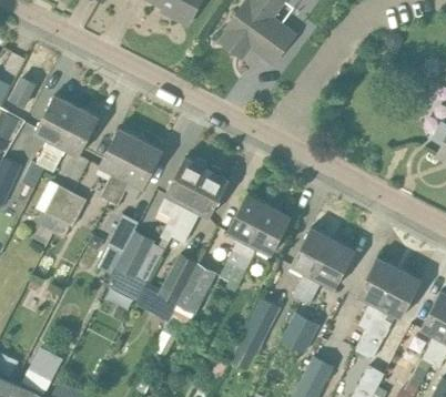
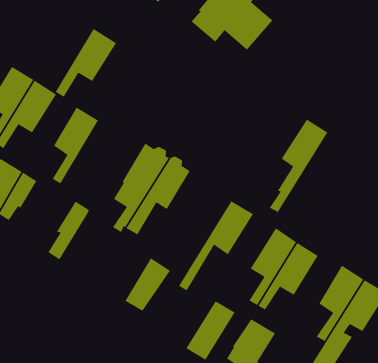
building: [109,140,163,206] -> [55,28,117,97]
building: [219,194,268,288] -> [269,119,328,218]
building: [108,232,154,301] -> none
building: [156,254,197,306] -> none

